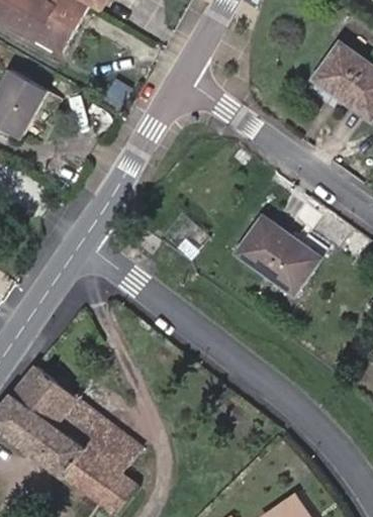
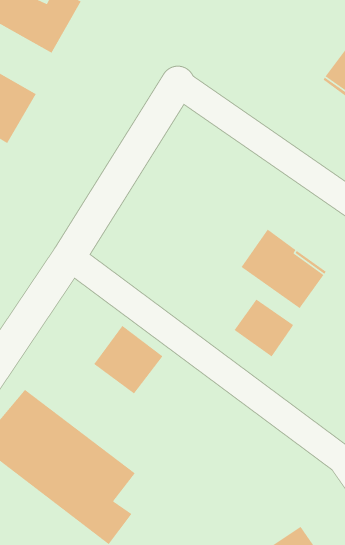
building: none -> [233,299,294,357]
building: none -> [93,325,164,395]

